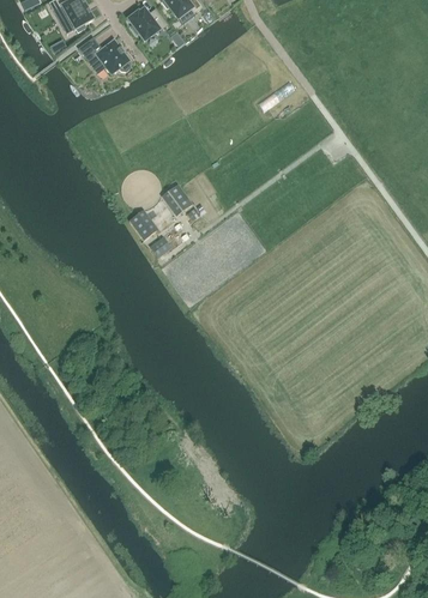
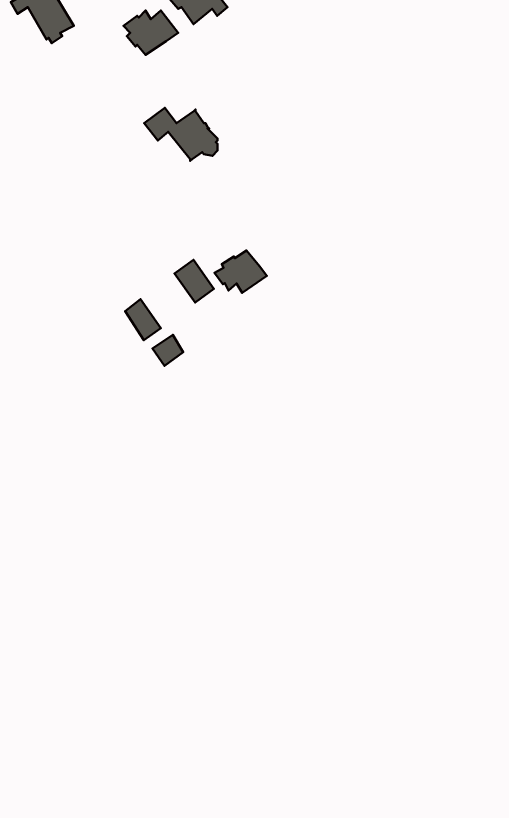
building: [77,37,128,74] -> [144,108,218,161]
building: none -> [215,251,267,293]

